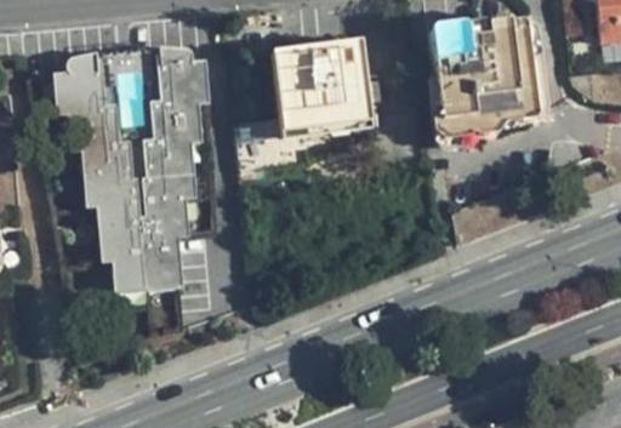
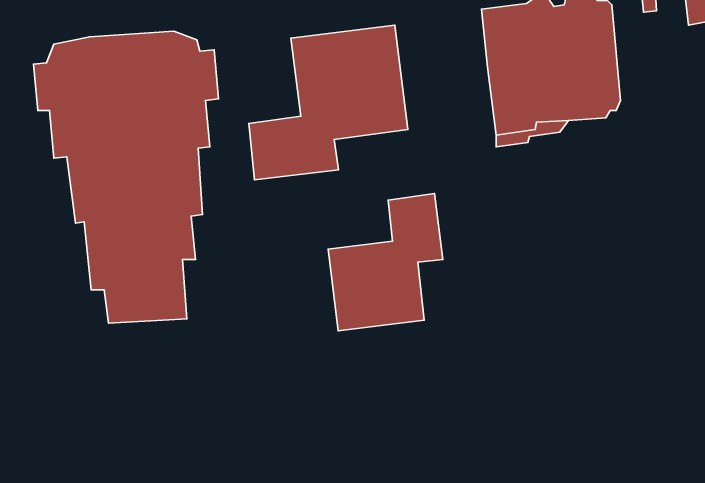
building: none -> [328,193,443,331]

